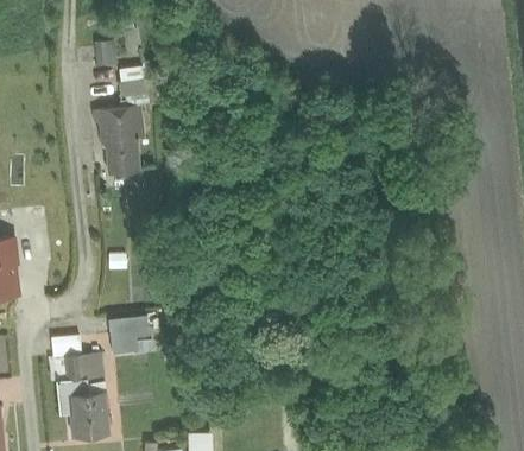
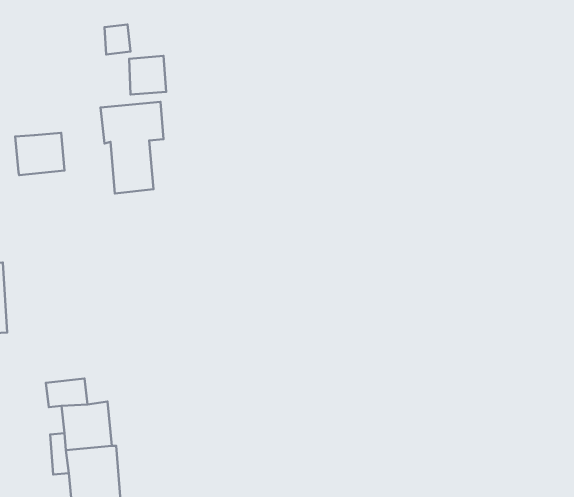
building: none -> [15,133,65,175]
building: [106,318,153,354] -> none

